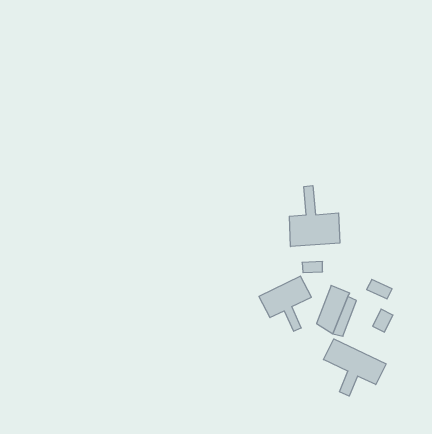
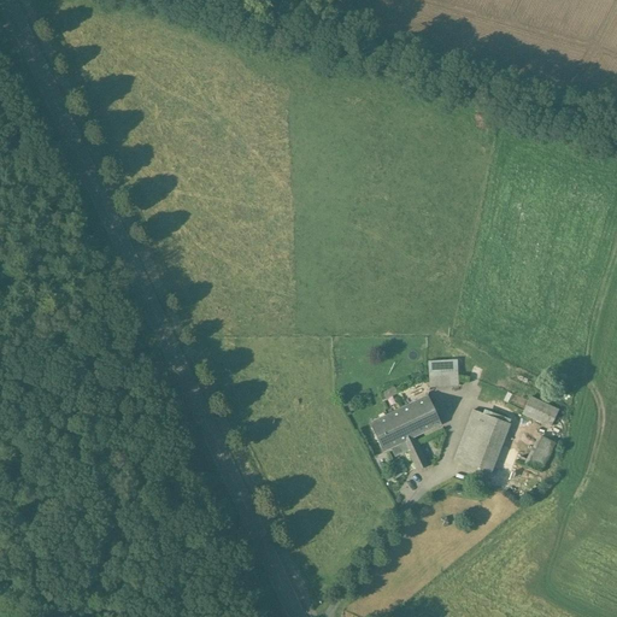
building: [289,186,340,247] -> none
building: [323,339,386,396] -> none

